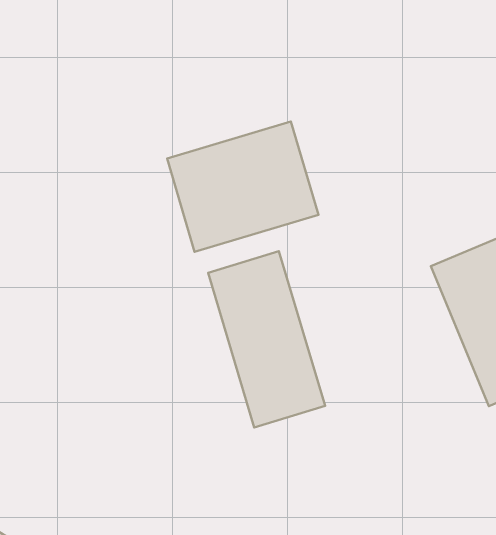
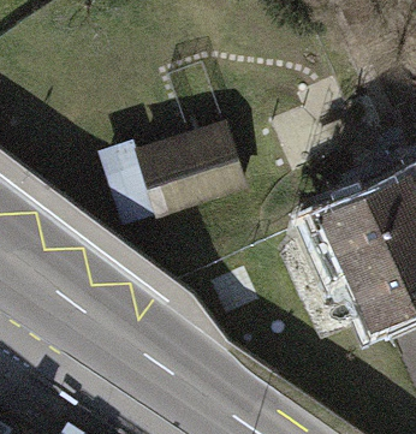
building: [208,251,325,428] -> none

